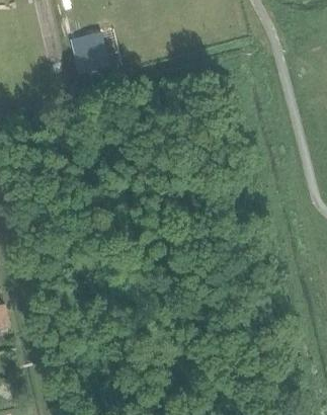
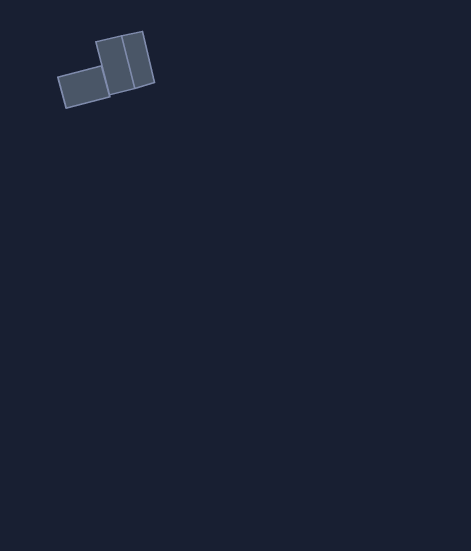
building: none -> [58,66,110,108]

